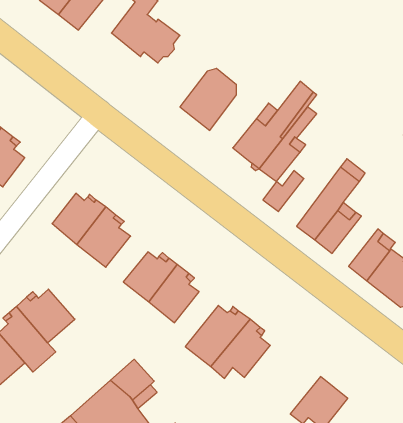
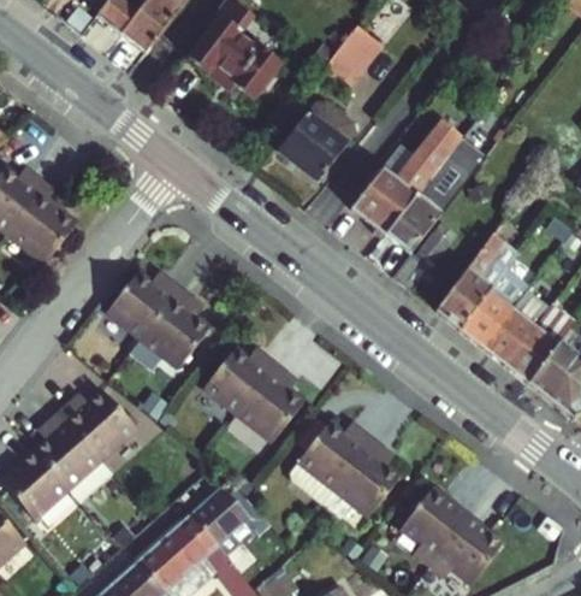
building: none -> [322,25,385,90]
building: none -> [481,295,543,365]
building: none -> [398,483,466,560]

